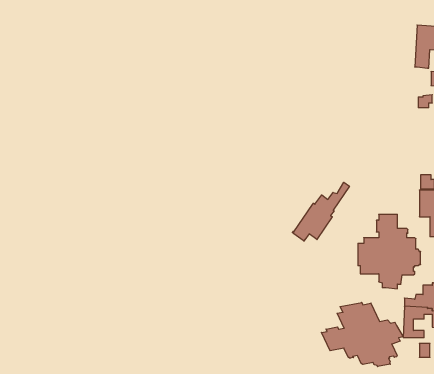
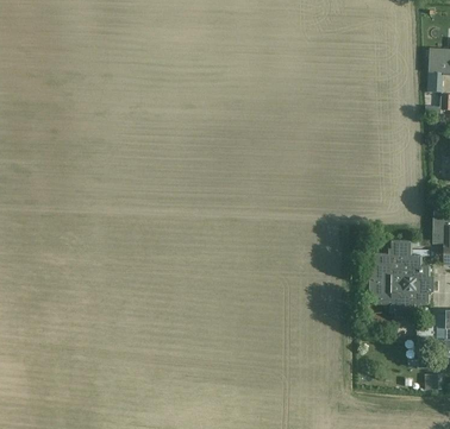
building: [292,182,349,241] -> none
building: [321,302,403,367] -> none

